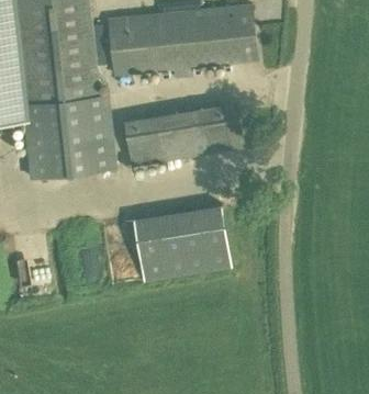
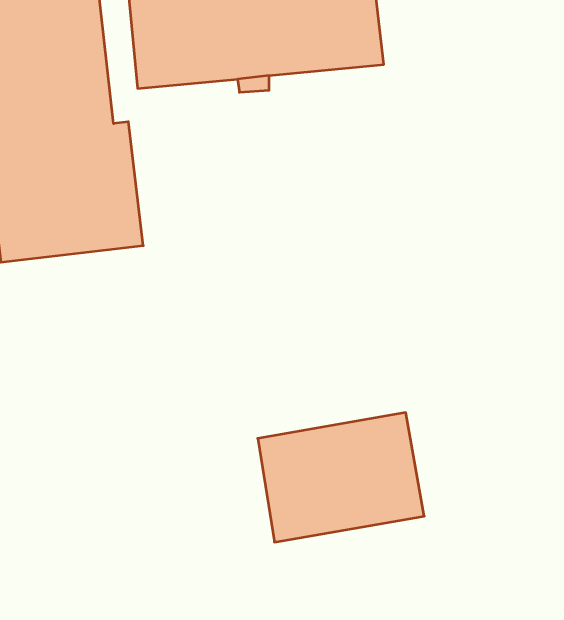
building: [124,104,244,166] -> none
building: [133,204,232,281] -> [258,413,424,542]

